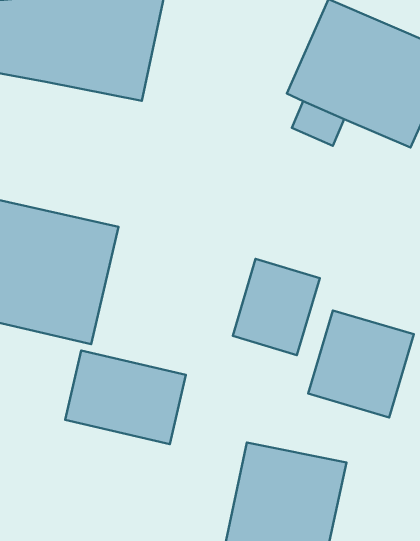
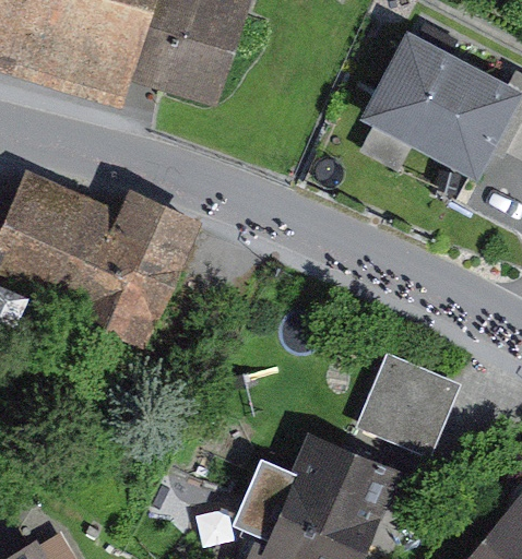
building: [233,259,320,355] -> none
building: [65,351,186,444] -> none

